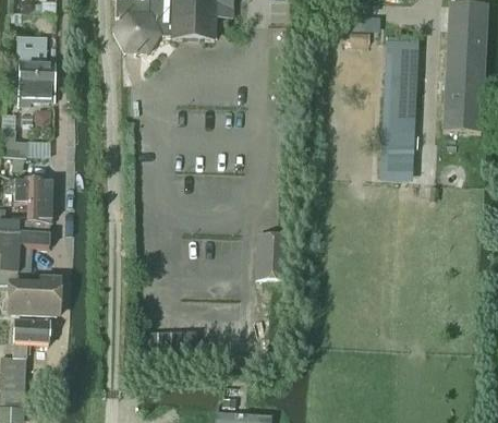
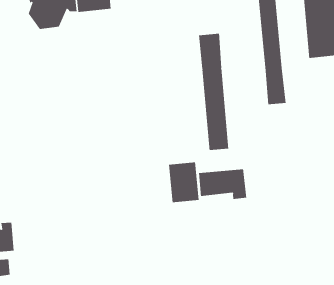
building: none -> [199,33,229,151]
building: none -> [199,169,247,200]

